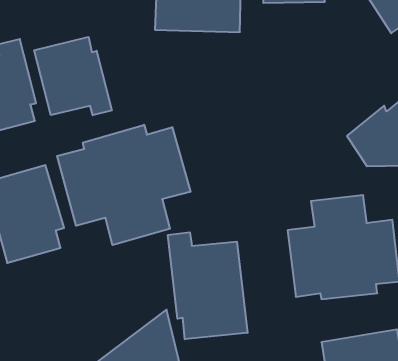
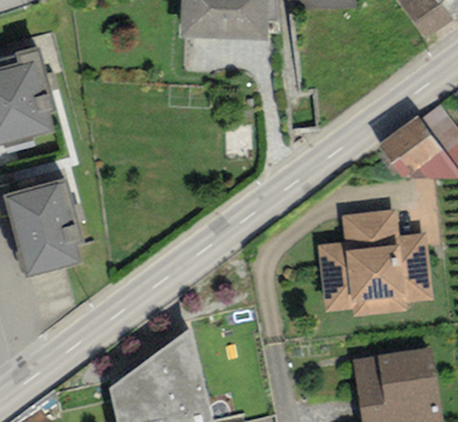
building: [34,37,112,115] -> none
building: [57,125,190,245] -> none
building: [168,232,248,339] -> none

